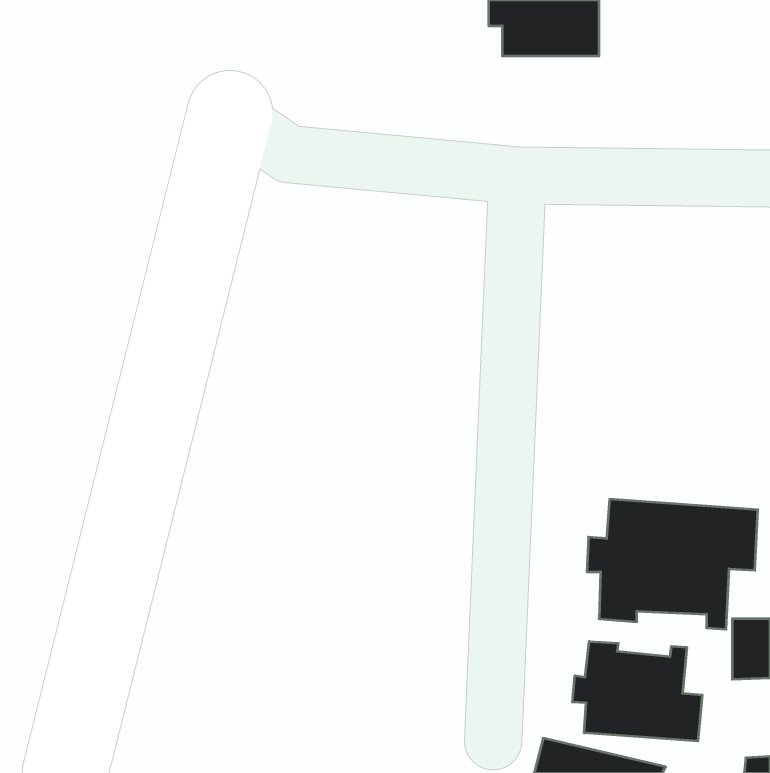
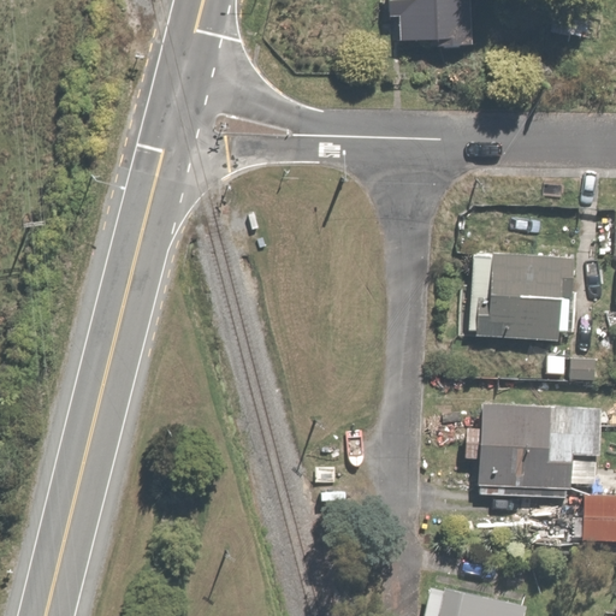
building: none -> [468,242,575,345]
building: [572,641,702,741] -> none

